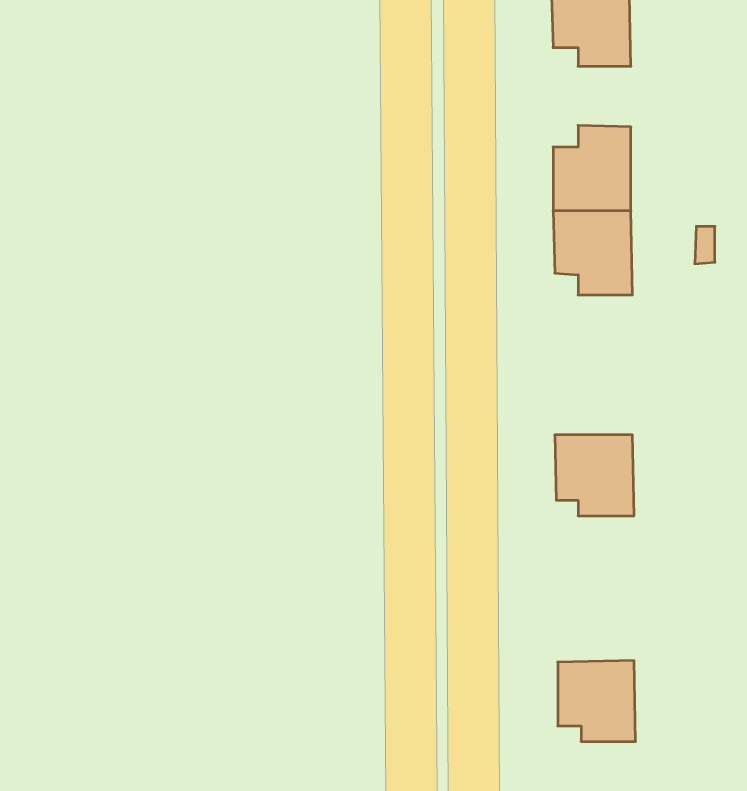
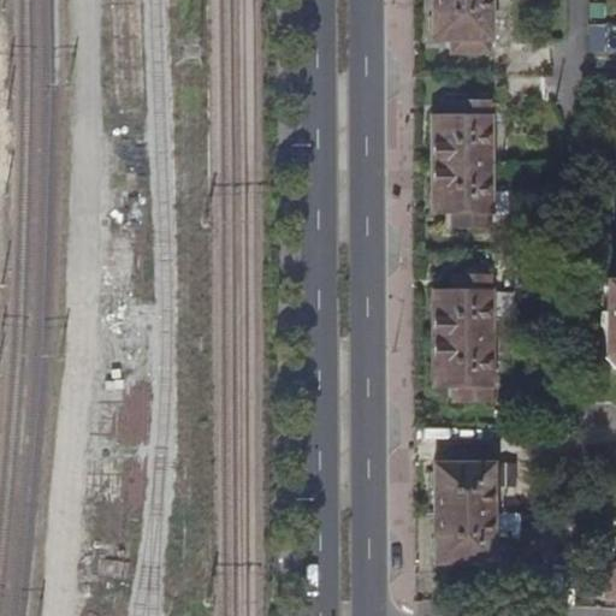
building: none -> [436,273,496,338]
building: none -> [437,448,497,514]

